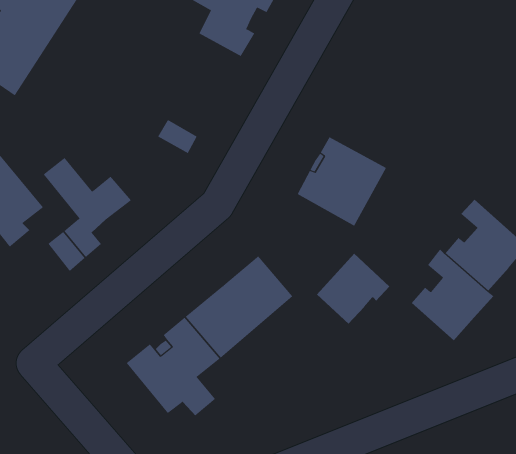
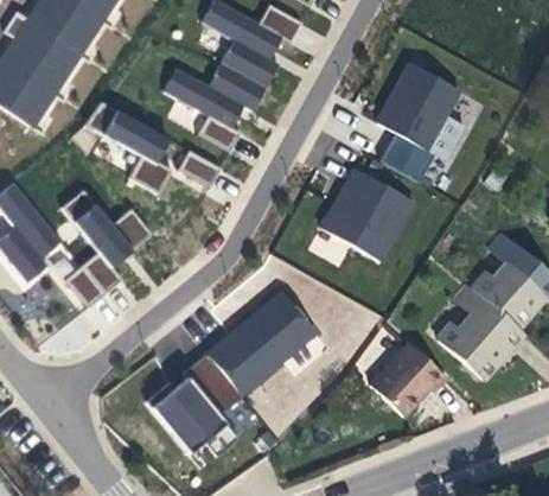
building: none -> [164,63,264,151]
building: none -> [377,63,464,182]
building: none -> [84,101,172,193]
building: [316,253,390,325] -> [371,343,447,416]

